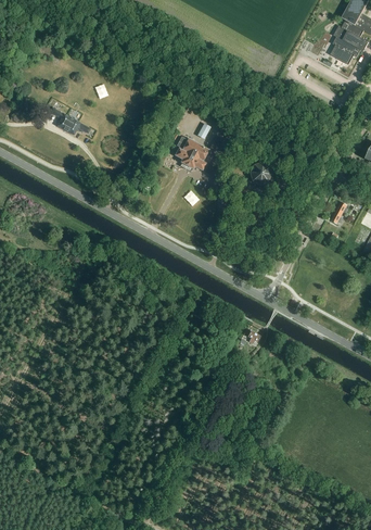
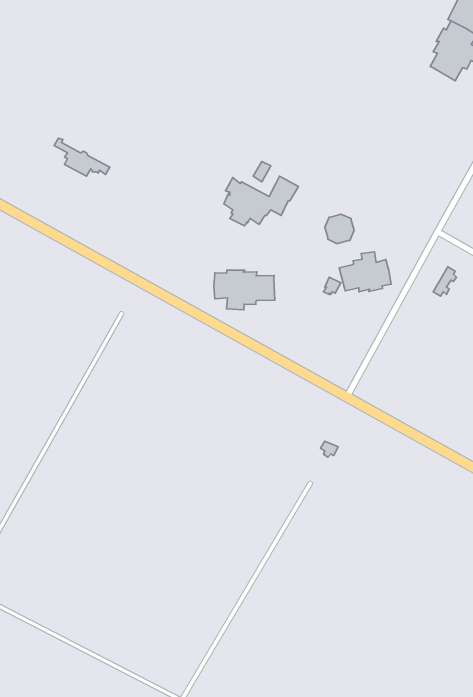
building: none -> [339,252,391,292]
building: none -> [214,270,275,310]

